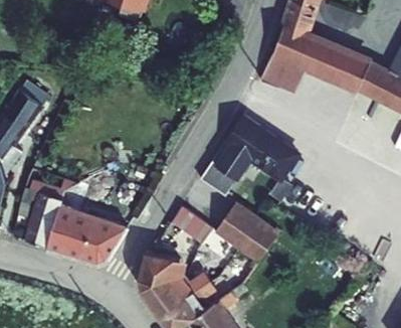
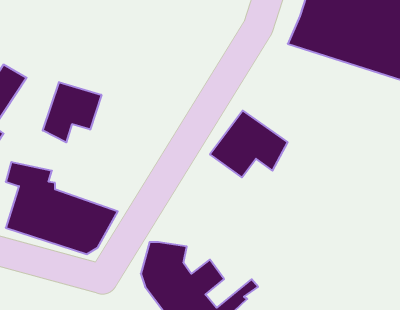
building: none -> [43,82,101,142]
building: [171,199,285,269] -> none

